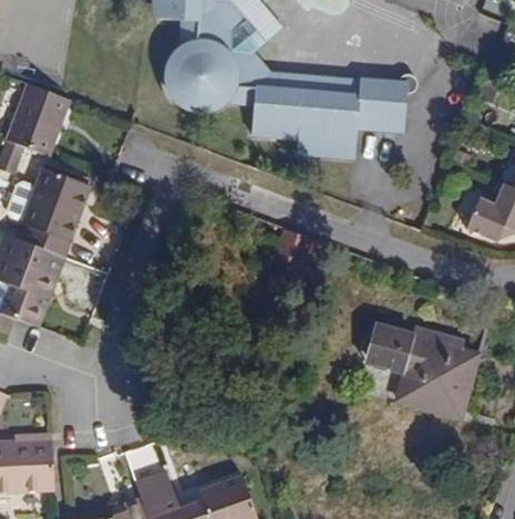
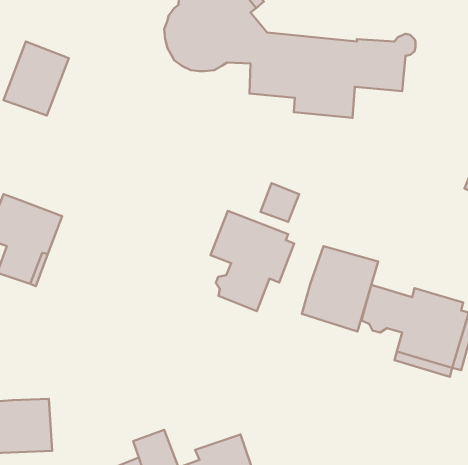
building: [21,168,91,257] -> none
building: none -> [211,211,294,311]
building: none -> [302,246,378,332]

